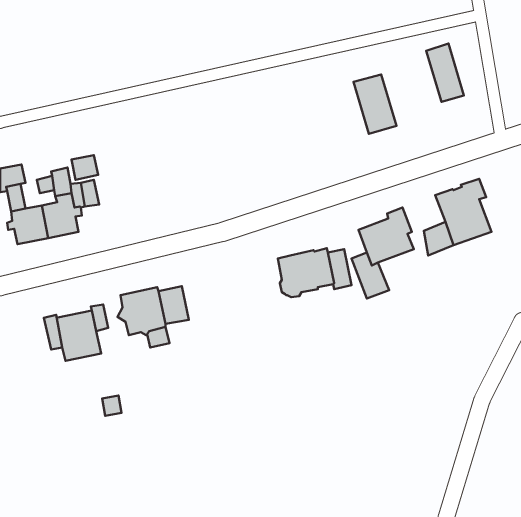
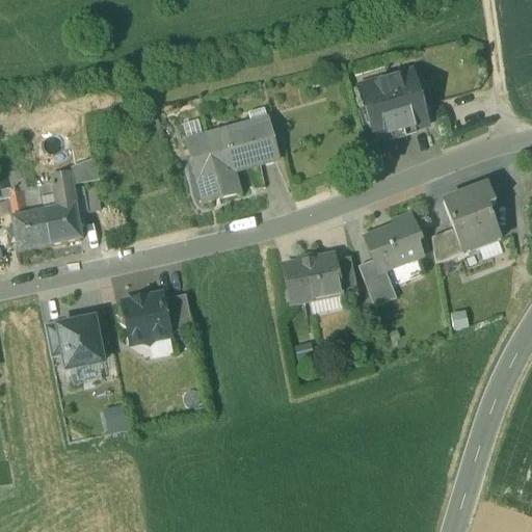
building: [426,44,464,102] -> [389,69,427,128]
building: none -> [188,121,278,201]

